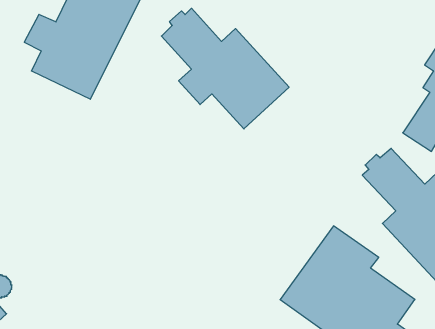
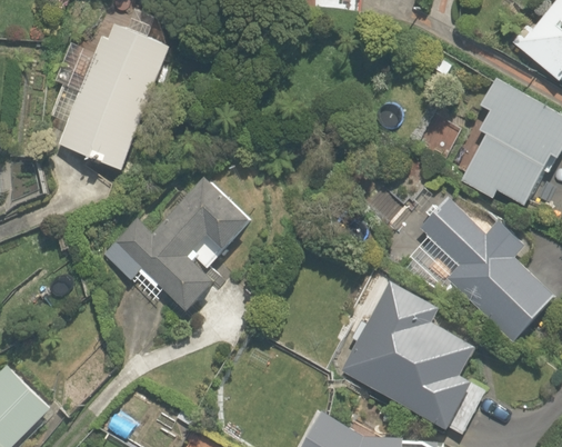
building: [161,8,289,129] -> none
building: none -> [101,176,251,310]

